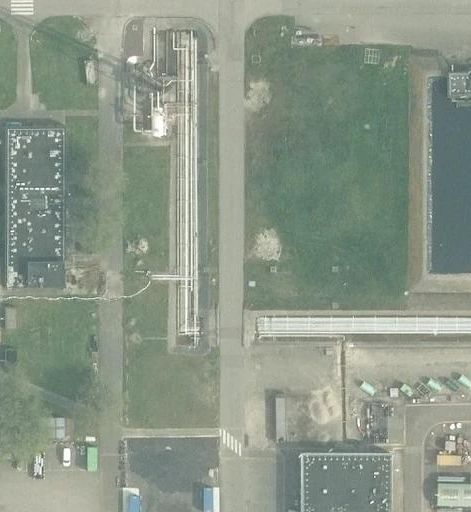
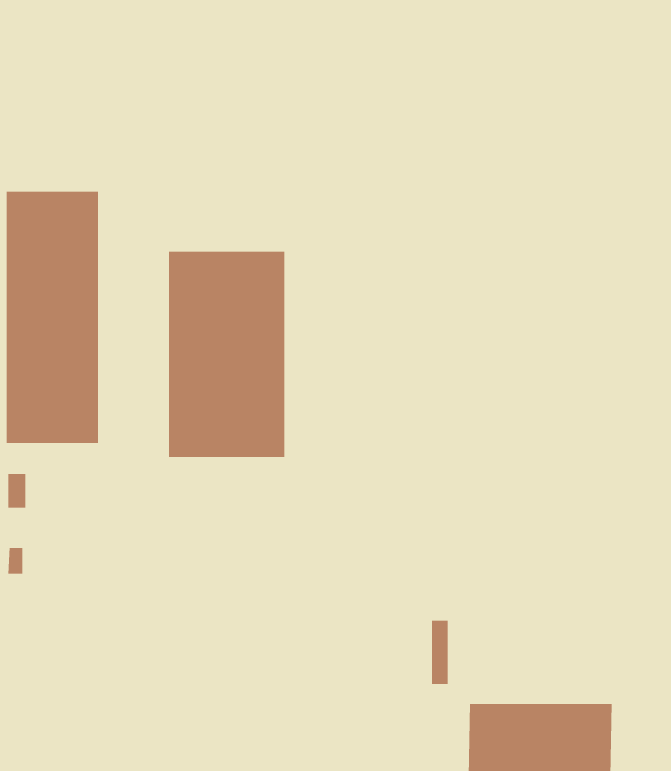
building: none -> [169,251,285,458]

